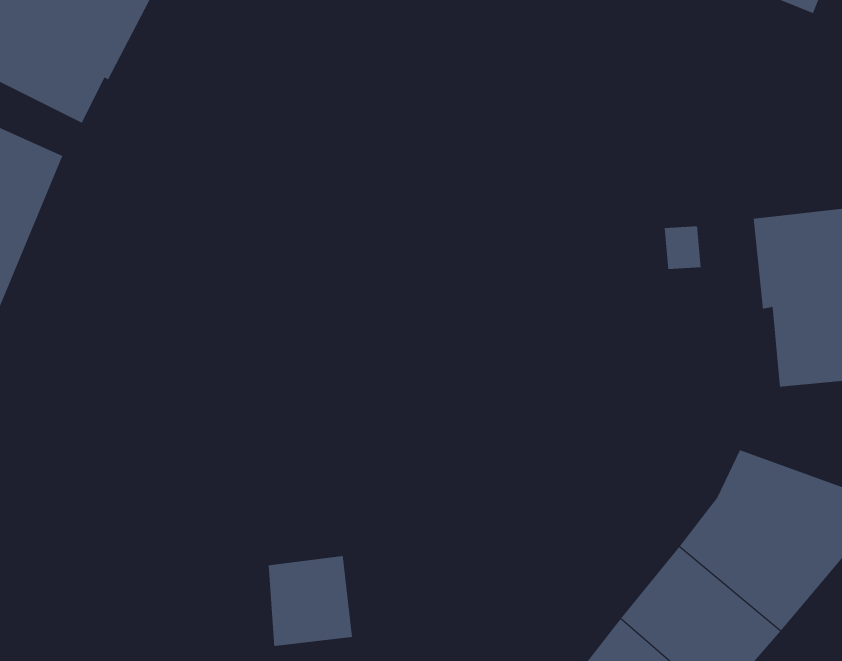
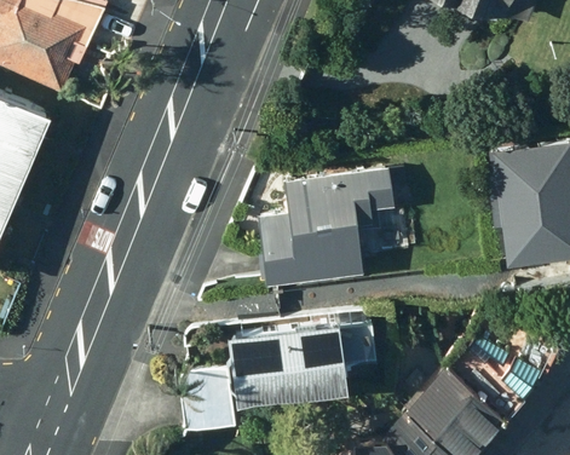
building: none -> [258,171,392,287]
building: none -> [232,324,375,393]

